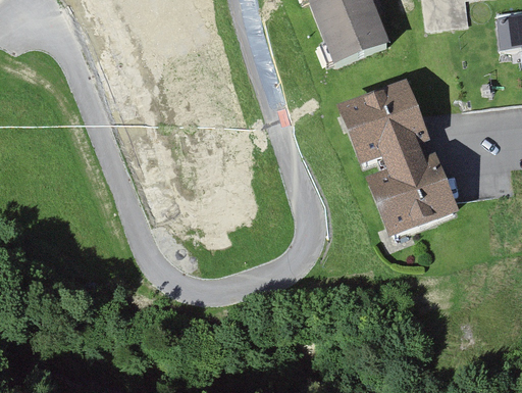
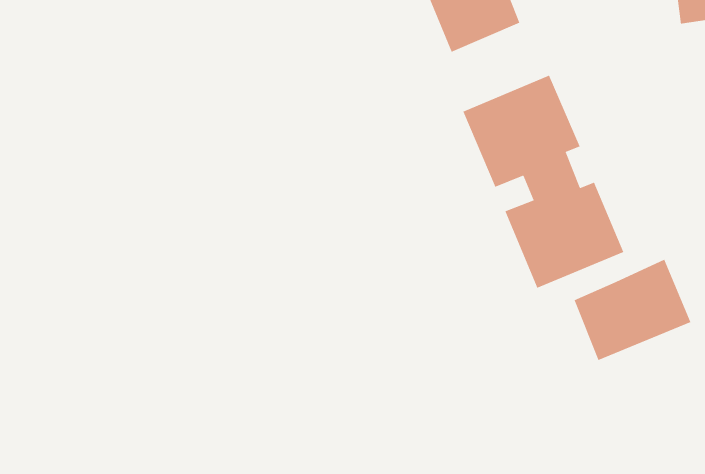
building: none -> [574,259,691,361]

